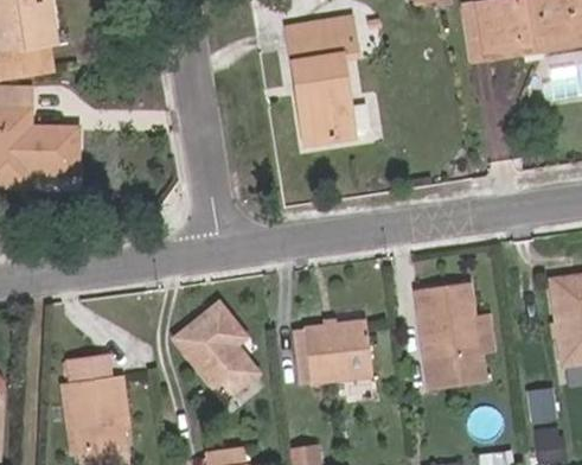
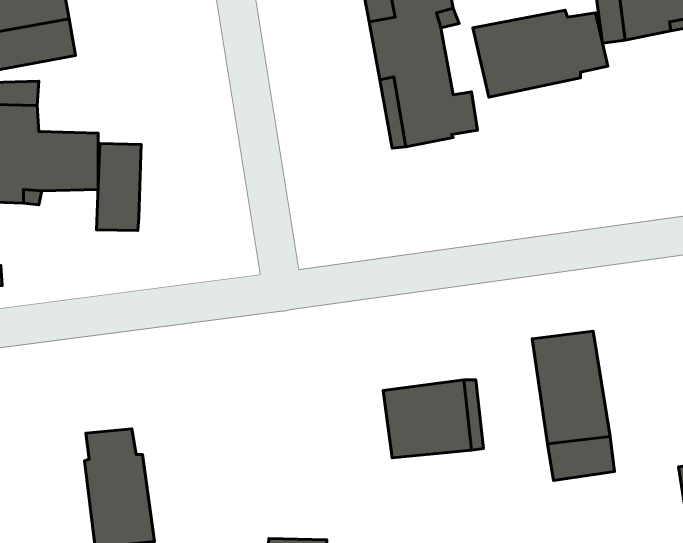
building: none -> [473,10,608,97]
building: none -> [97,144,141,231]
building: [174,306,251,397] -> none

